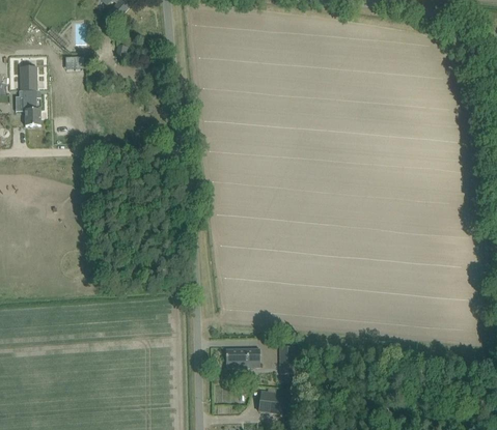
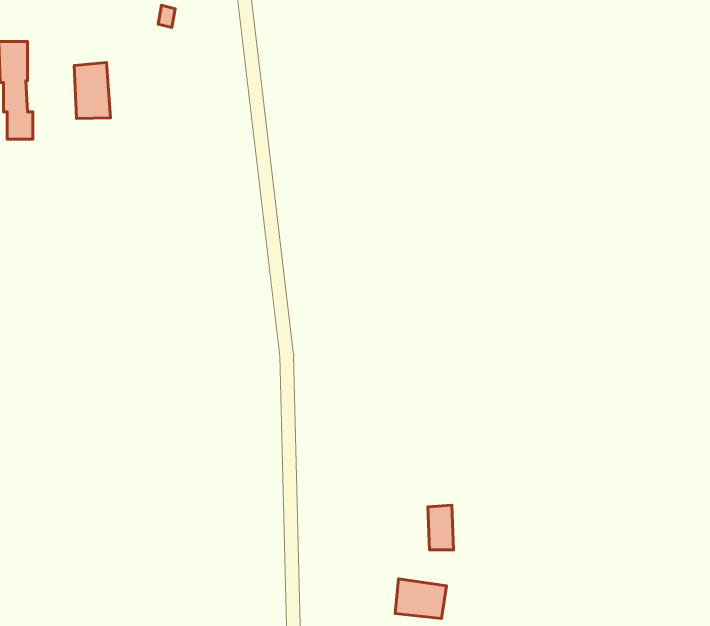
building: none -> [74,63,111,119]
building: [226,347,260,367] -> none

